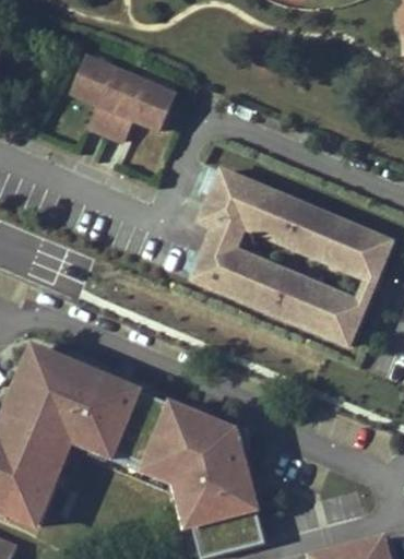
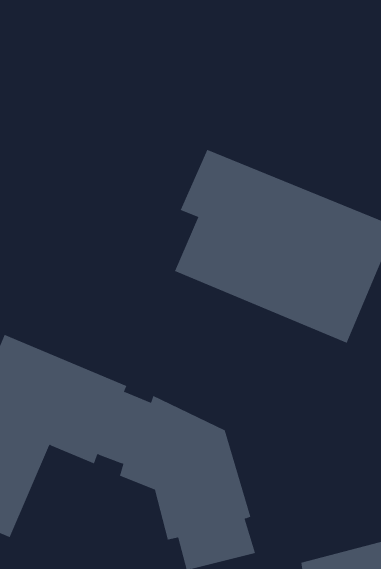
building: [76,64,177,146] -> none

